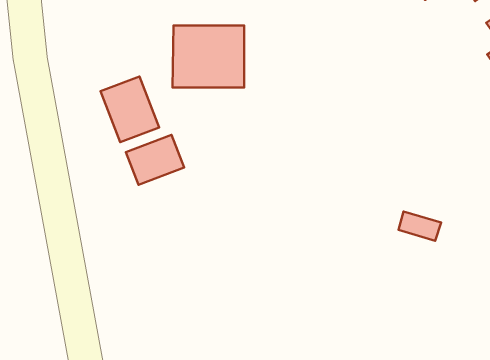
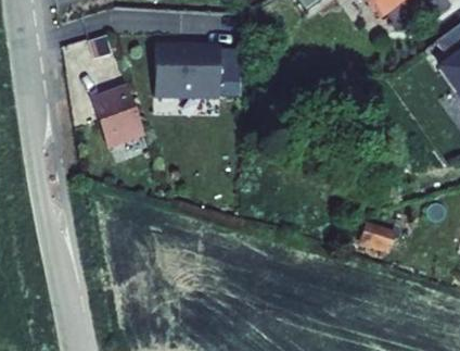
building: [126,135,184,185] -> none

